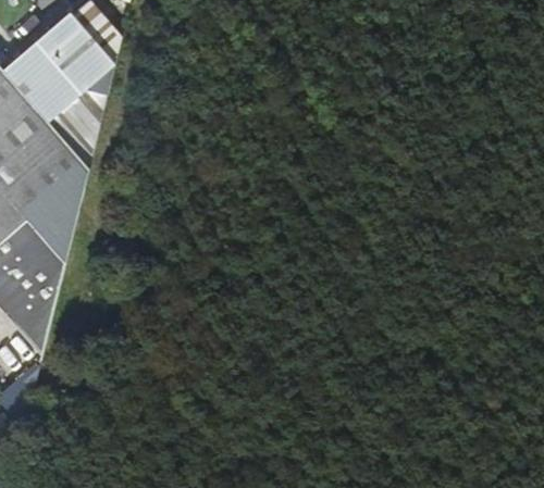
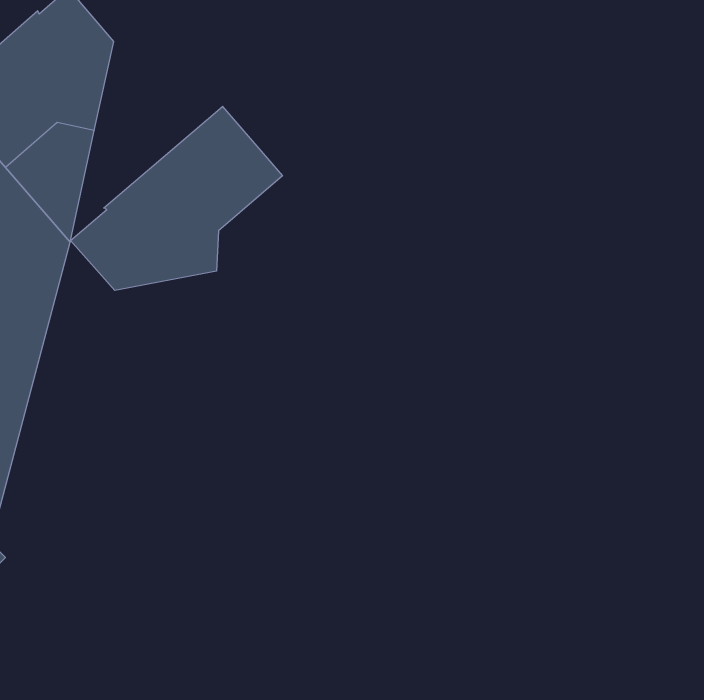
building: none -> [70,106,282,290]

